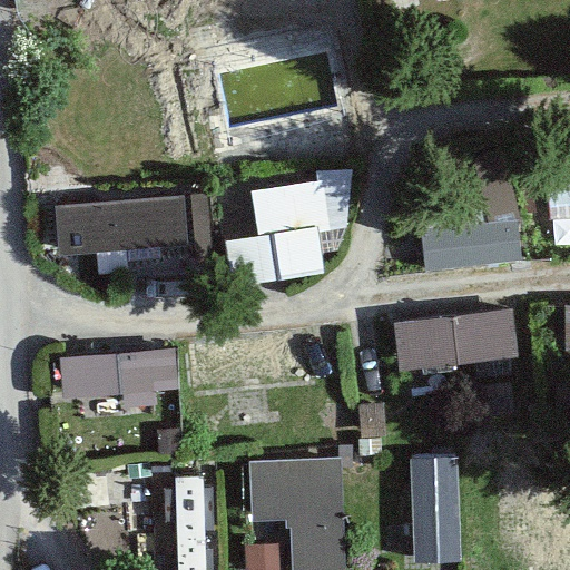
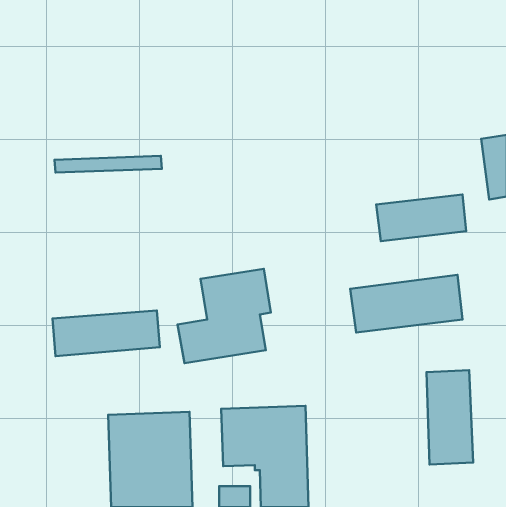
building: [227,181,332,287] -> [178,269,271,363]
building: [56,195,190,257] -> none
building: [410,459,462,564] -> [426,370,473,464]

